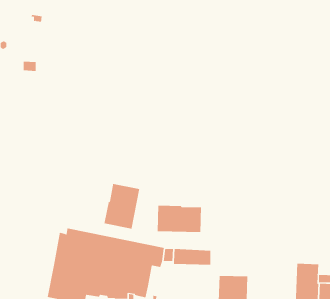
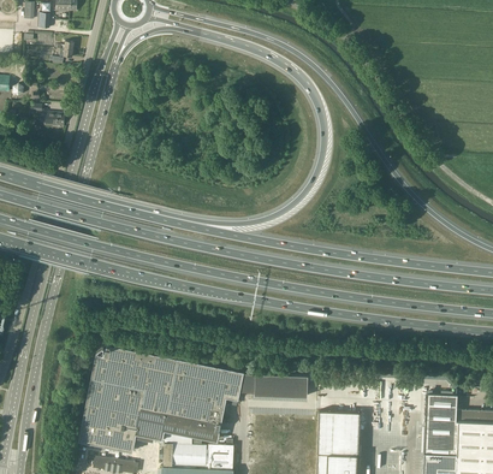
building: [104,183,140,229] -> none
building: [157,205,202,233] -> none

